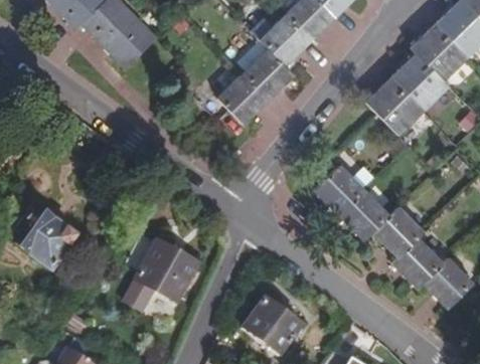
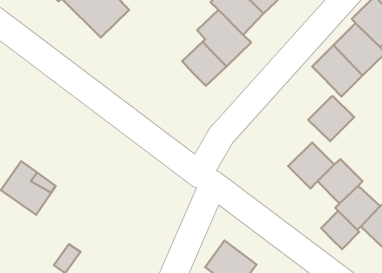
building: [313,164,365,215] -> [308,96,354,141]
building: [128,240,198,304] -> none
building: none -> [321,211,359,249]

